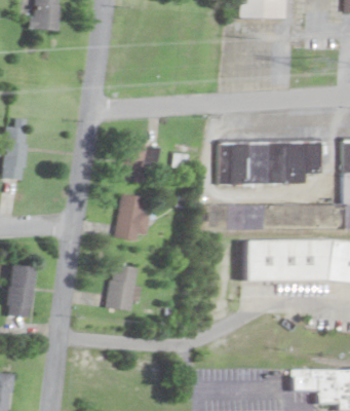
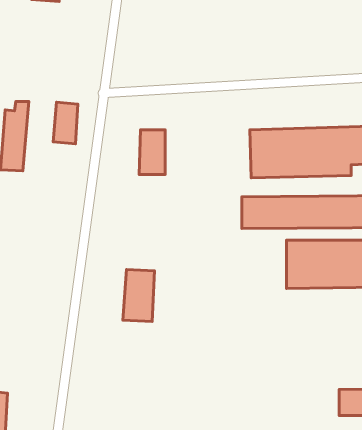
building: none -> [53,102,78,144]
building: [117,194,152,240] -> none
building: [8,265,34,316] -> none

